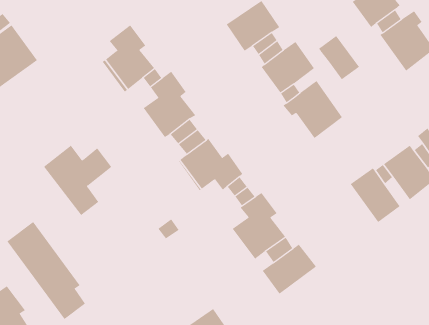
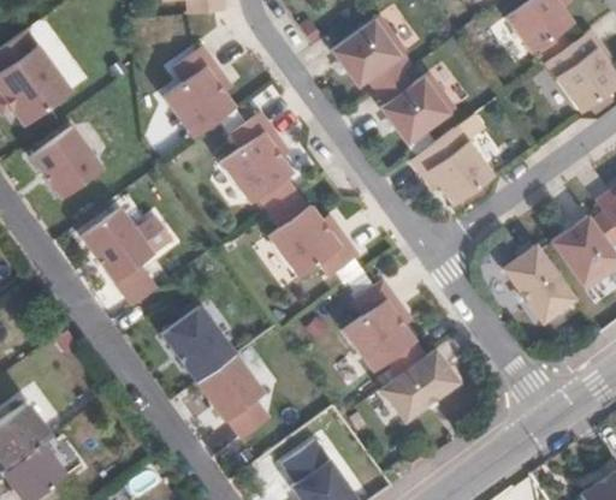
building: [319,35,360,80] -> none
building: none -> [28,125,107,203]
building: [6,221,86,320] -> [162,308,272,444]

